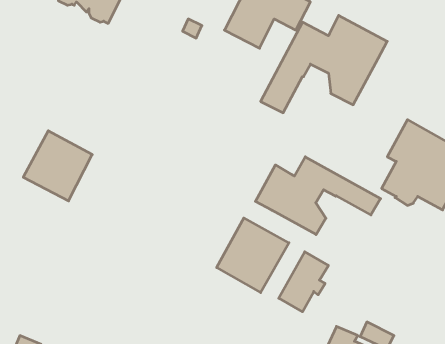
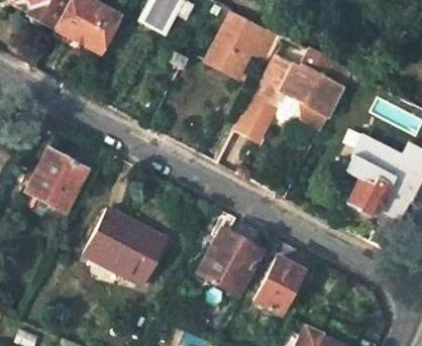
building: [255,157,381,235] -> none
building: none -> [87,209,168,284]

